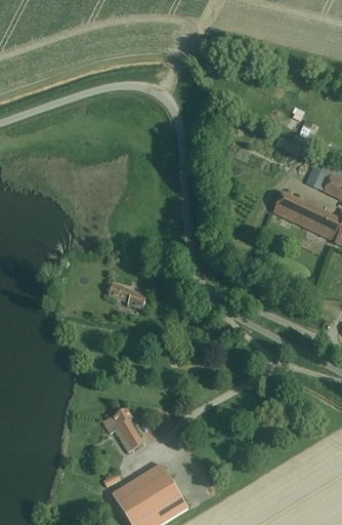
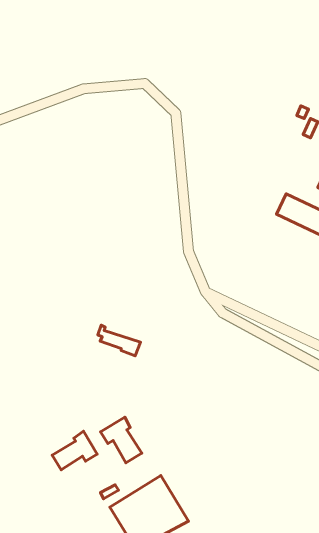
building: [105,279,146,309] -> [98,325,140,356]
building: none -> [52,431,97,470]

